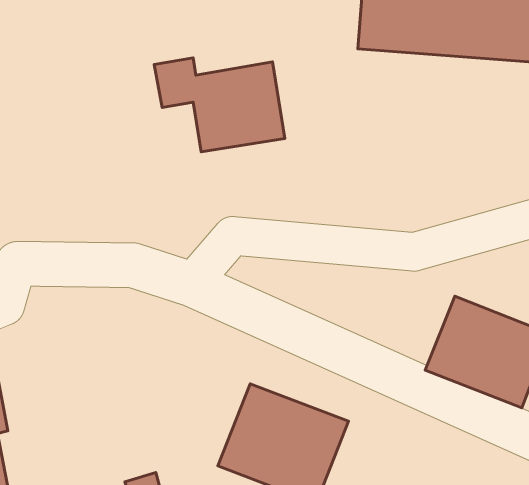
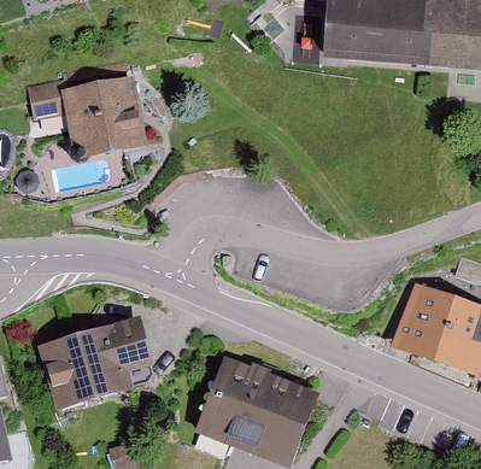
building: [154,58,285,152] -> [27,72,143,157]
building: none -> [39,317,154,403]

